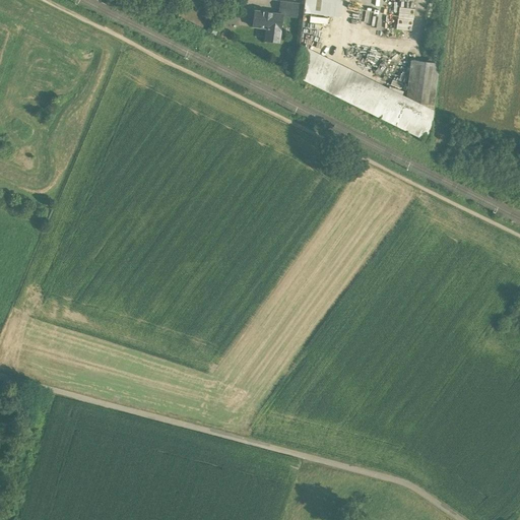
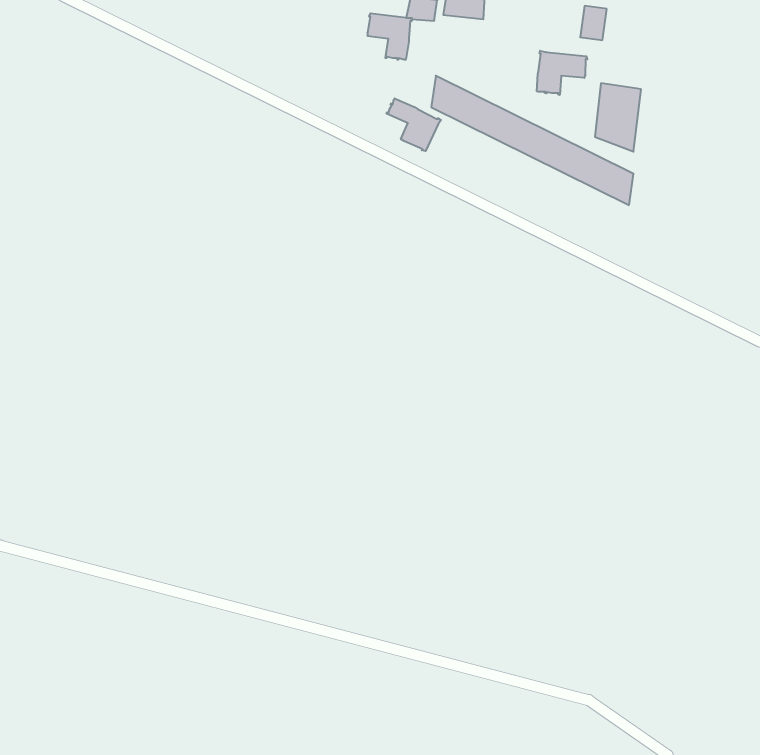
building: none -> [537,51,587,95]
building: none -> [386,98,441,151]

